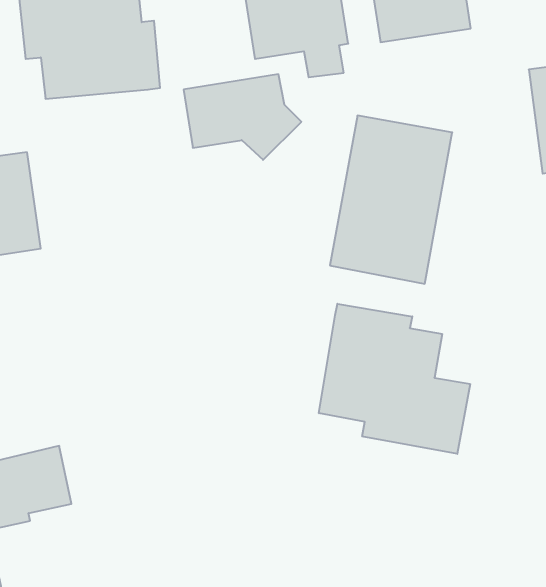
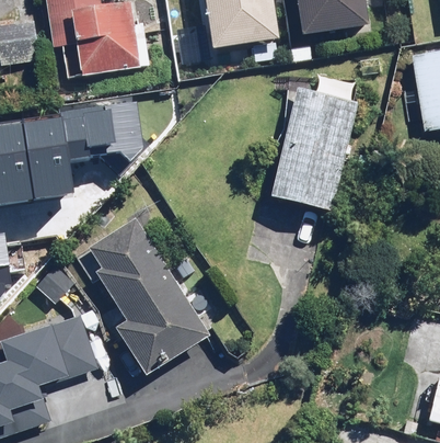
building: [184,74,301,160] -> [61,106,146,168]
building: none -> [69,215,212,375]
building: [319,304,470,454] -> none

